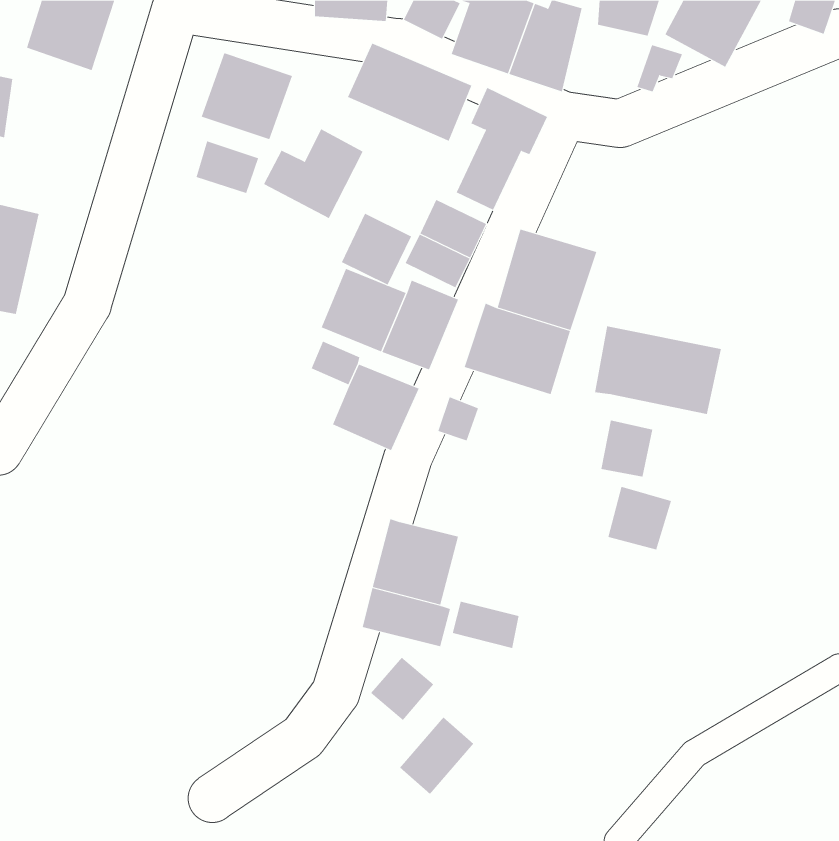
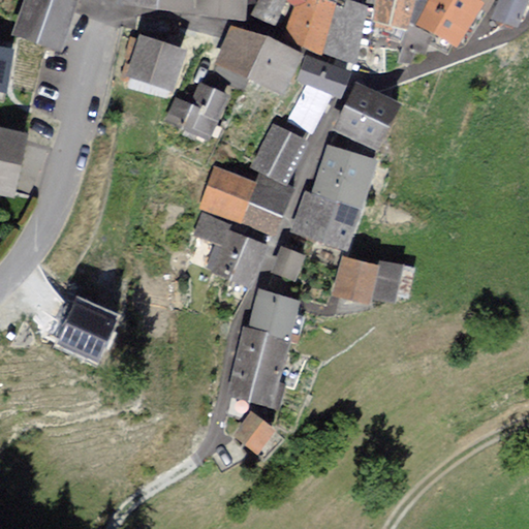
building: none -> [333,83,397,149]
building: [196,140,259,194] -> none
building: [341,213,412,285] -> none
building: [594,326,722,415] -> none
building: none -> [251,291,298,337]
building: none -> [61,301,116,355]
building: [608,486,672,550] -> [336,258,376,299]
building: [452,601,519,649] -> none
building: [399,717,474,795] -> none

